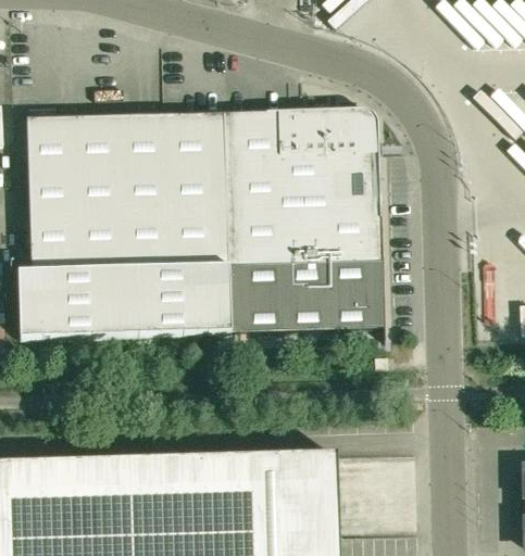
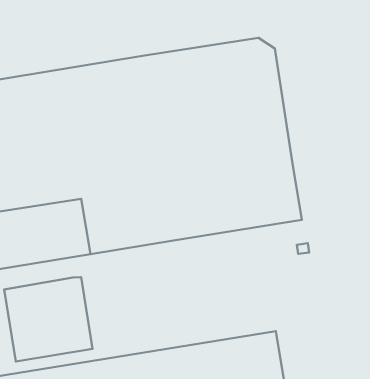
building: none -> [4,277,93,361]

